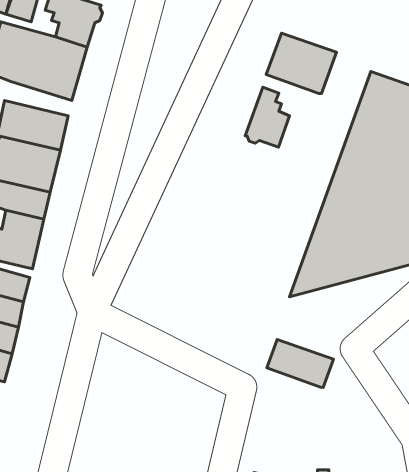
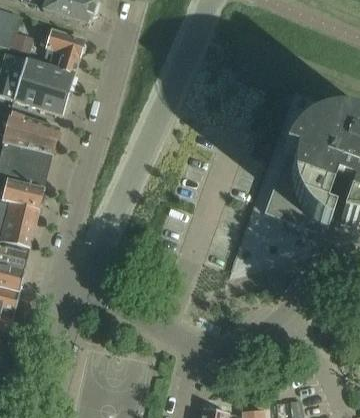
building: [266,33,337,93] -> none
building: [245,87,290,147] -> none
building: [267,340,334,388] -> none

